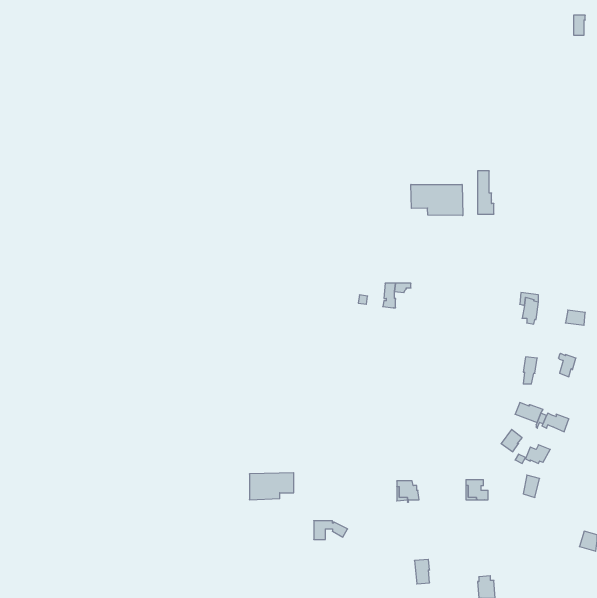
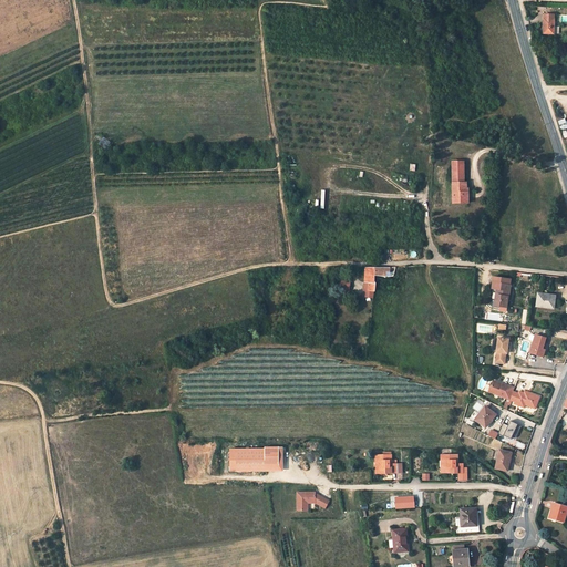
building: [411,184,463,216] -> none
building: none -> [455,508,476,533]

